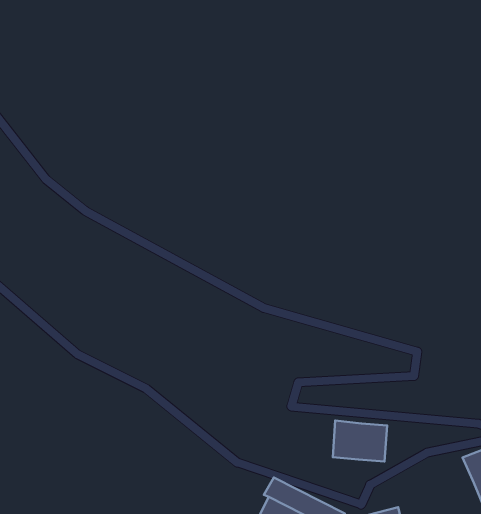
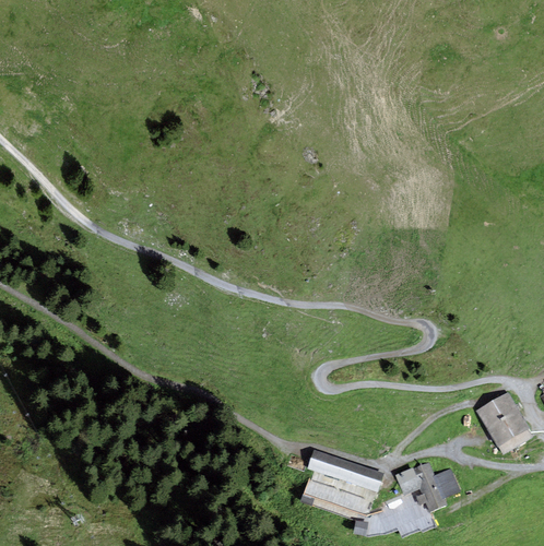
building: [333,420,387,461] -> none

